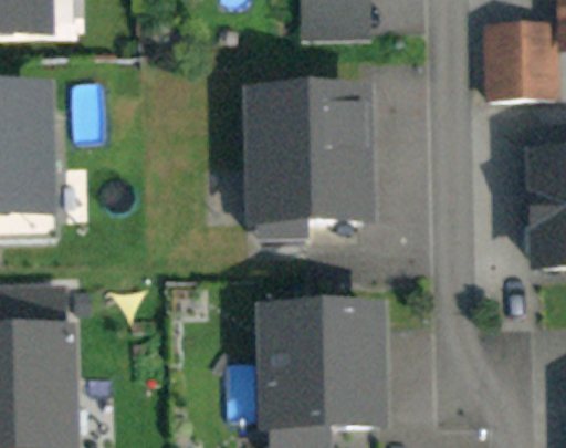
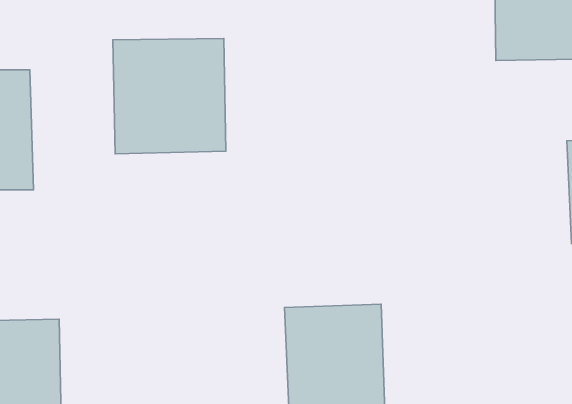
building: none -> [113,39,226,154]
building: [271,104,366,219] -> none

